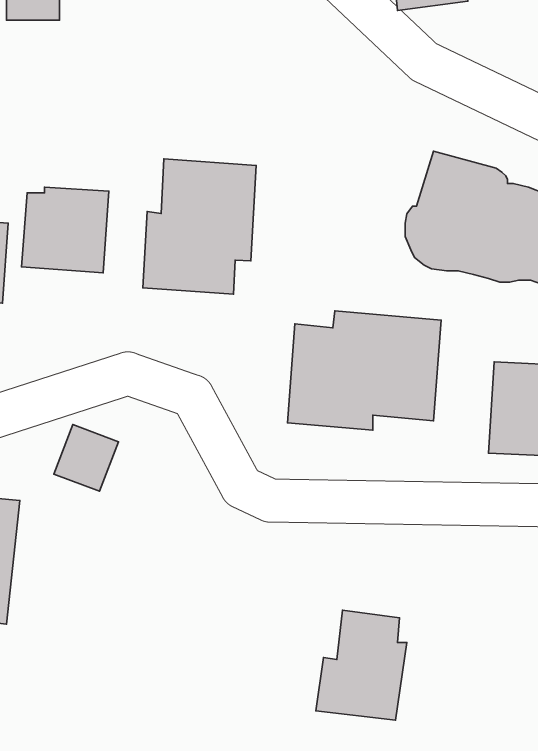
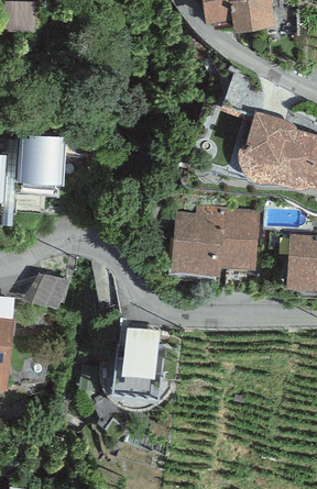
building: [143,159,256,294] -> none
building: [316,610,407,720] -> [111,327,164,391]

